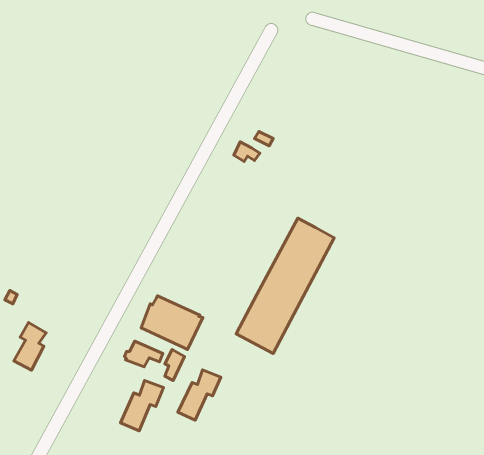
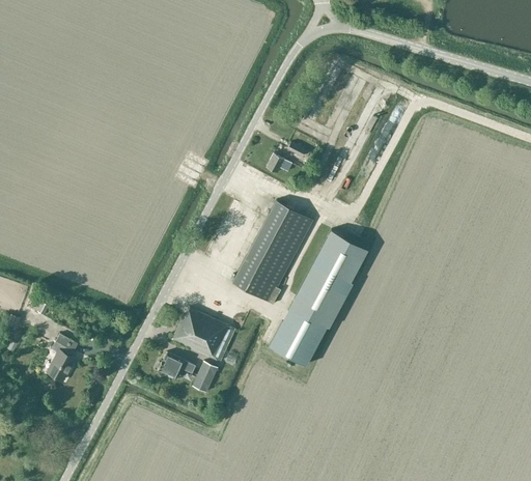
building: none -> [232,201,313,305]
building: [178,370,221,420] -> none
building: [121,380,164,431] -> none

